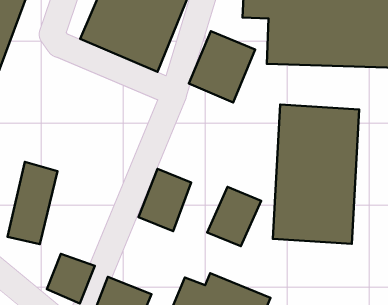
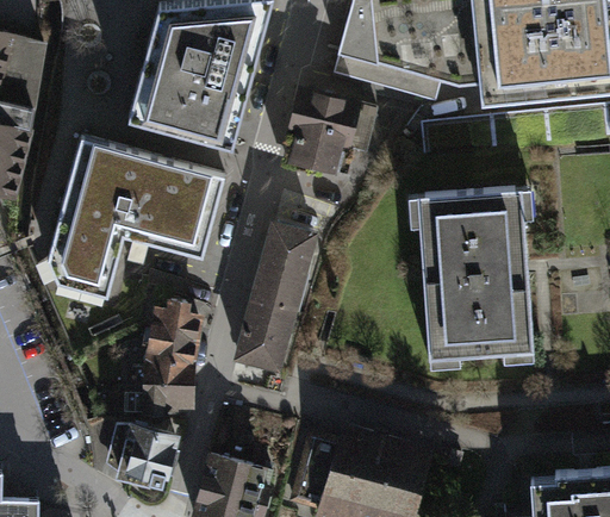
building: none -> [46,139,220,293]
building: [8,162,58,244] -> [141,309,199,422]
building: [207,187,261,246] -> [253,223,323,304]

